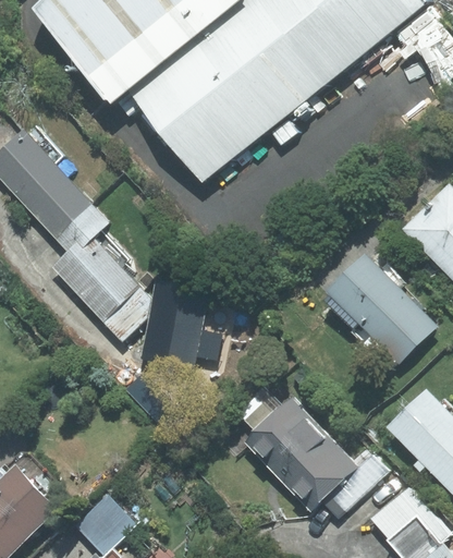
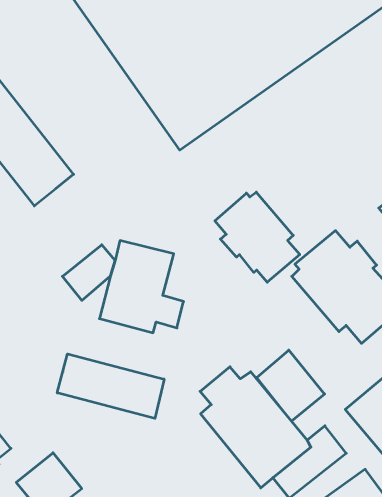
building: none -> [215,192,300,282]
building: [52,234,137,319] -> none
building: none -> [257,350,325,421]
building: none -> [57,354,164,418]

